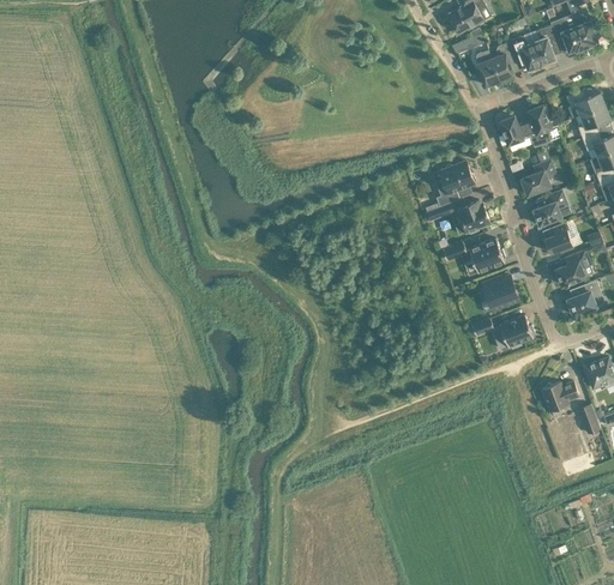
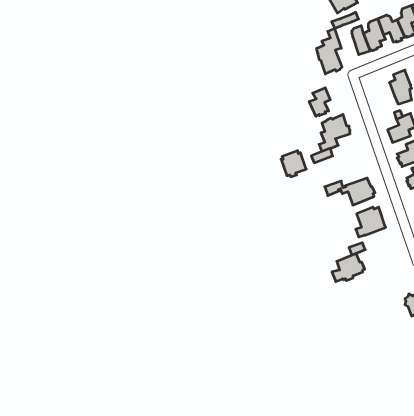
building: none -> [317,29,342,74]
building: [499,115,529,144] -> none
building: none -> [309,88,330,116]
building: [458,200,489,233] -> [281,151,306,177]
building: [494,314,535,349] -> [332,254,365,282]

